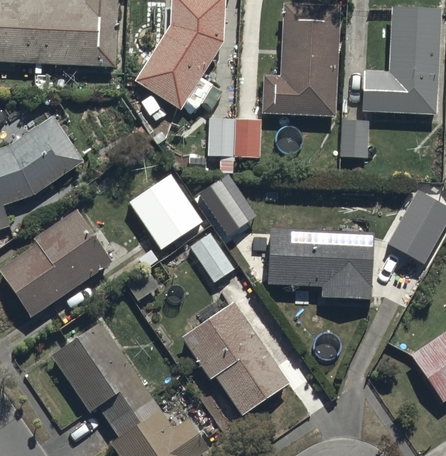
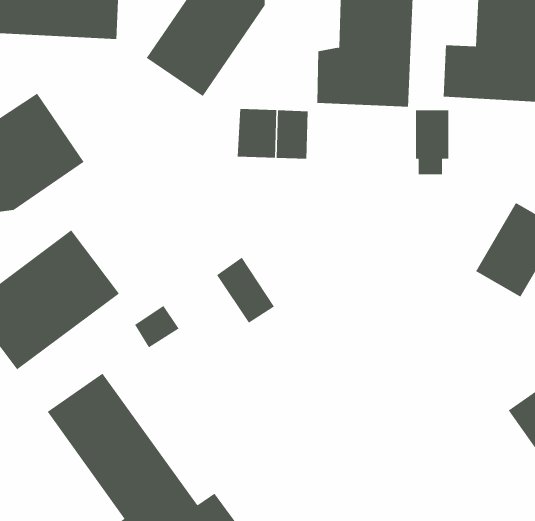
building: [130,177,204,253] -> none
building: [200,177,258,239] -> none
building: [272,229,372,300] -> none
building: [183,305,287,417] -> none

